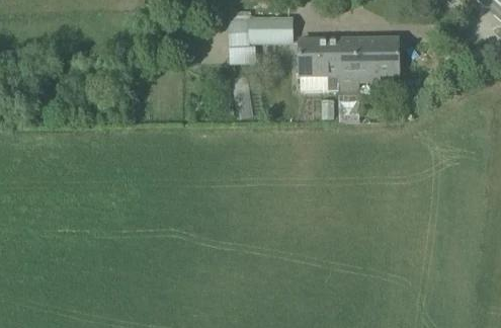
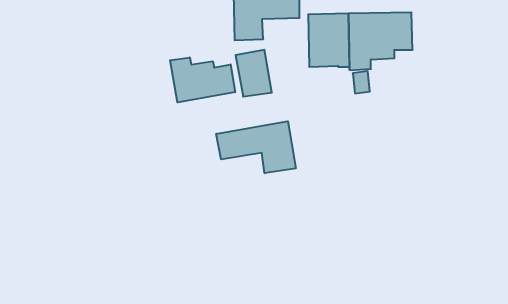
building: none -> [170,57,235,102]
building: none -> [216,121,296,173]

